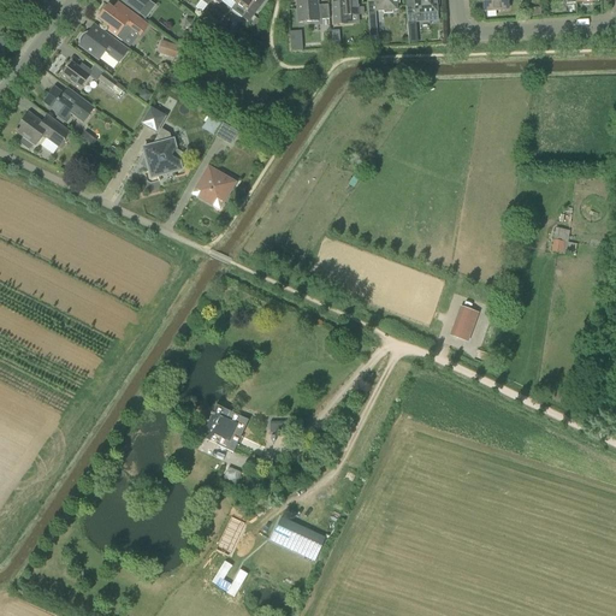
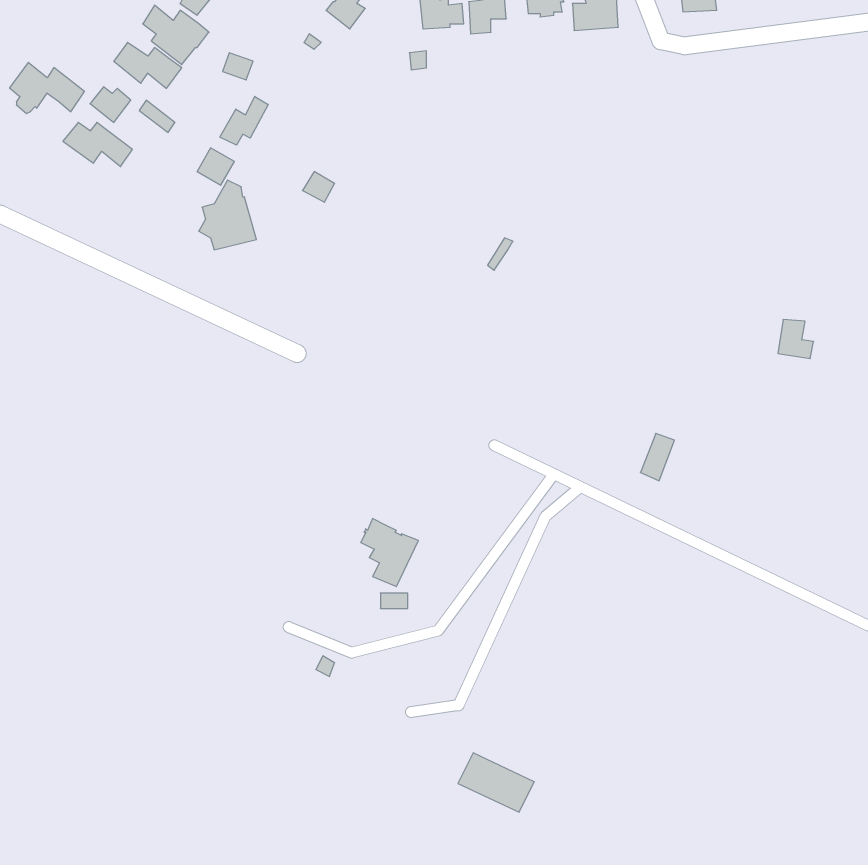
building: none -> [220,96,268,145]
building: [16,112,69,148] -> [10,62,84,113]
building: [196,166,236,205] -> none
building: [208,403,249,451] -> [361,519,418,587]
building: [271,516,325,558] -> [458,753,534,812]

